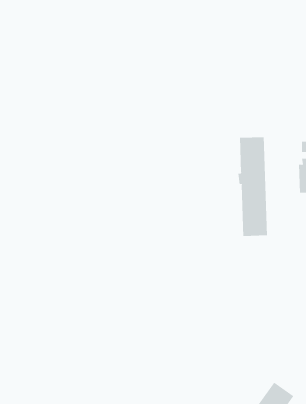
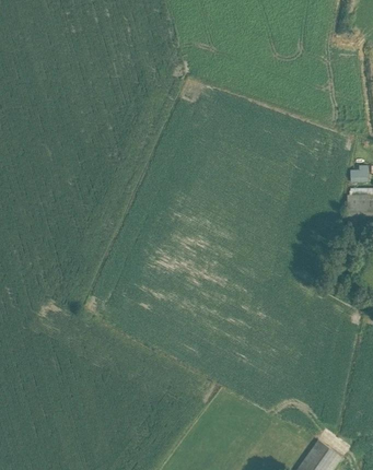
building: [238,136,268,237] -> none

